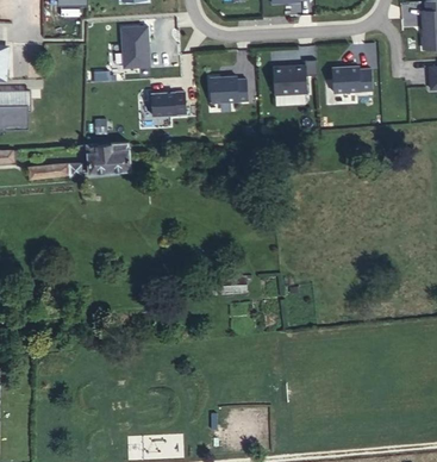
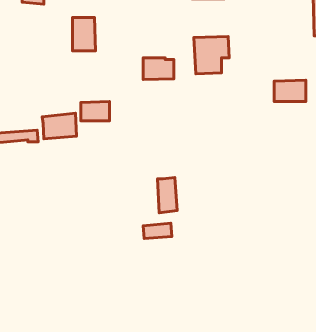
building: [332,63,372,89] -> [274,80,306,101]
building: [151,89,187,113] -> [81,102,110,121]
building: none -> [157,178,177,213]

